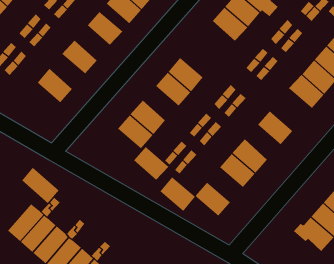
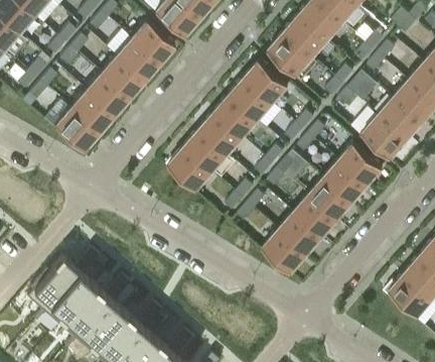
building: none -> [267,33,318,81]
building: none -> [115,38,158,82]
building: none -> [244,61,288,103]
building: none -> [84,74,128,117]
building: none -> [53,109,98,151]
building: none -> [361,116,406,158]
building: none -> [323,160,368,204]
building: [133,146,169,181] -> [198,113,243,155]
building: [21,167,60,204] -> none
building: [159,176,196,212] -> [277,213,321,256]

